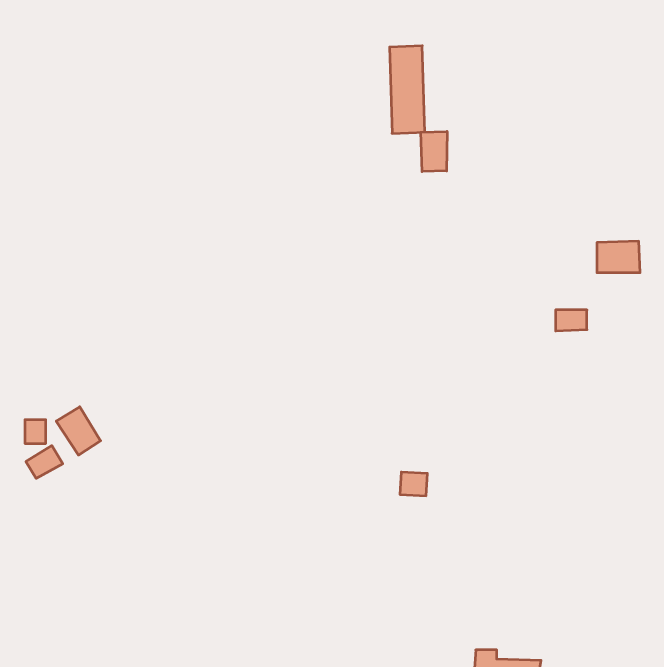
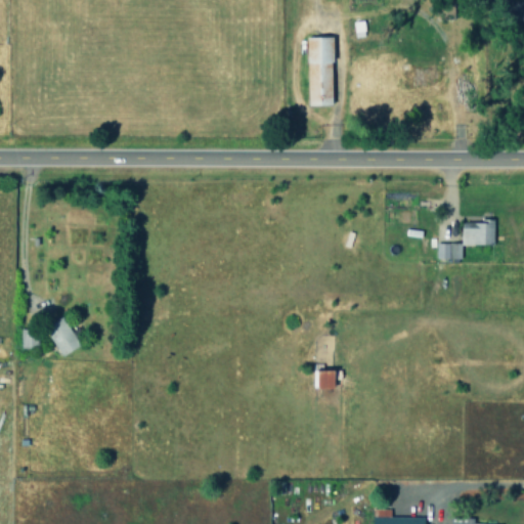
building: [421,131,447,172] -> none
building: [597,241,640,273] -> [463,221,496,246]
building: [26,446,63,478] -> none

